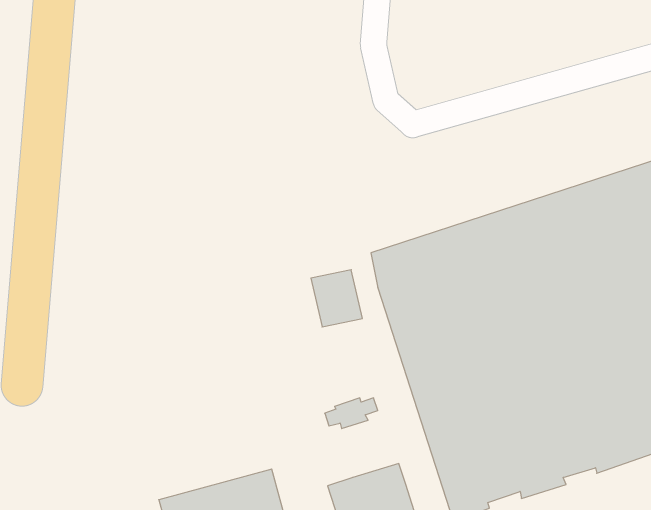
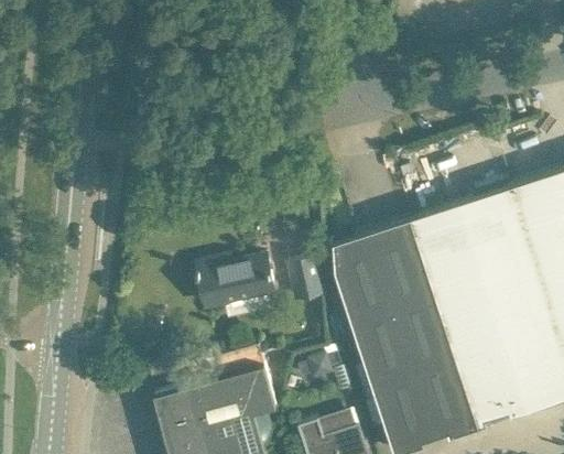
building: none -> [197,260,274,310]
building: none -> [145,349,276,441]

